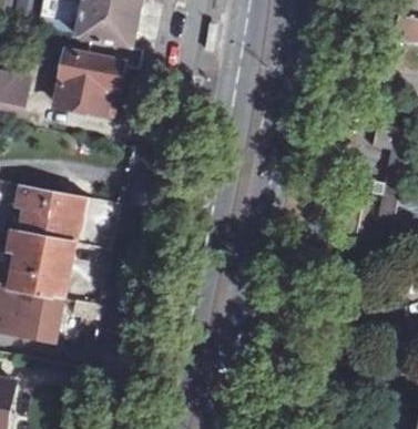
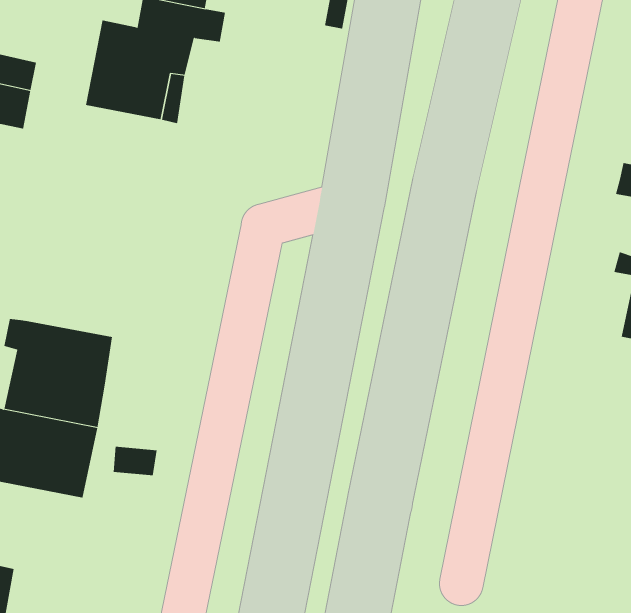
building: [17,173,82,233] -> none

